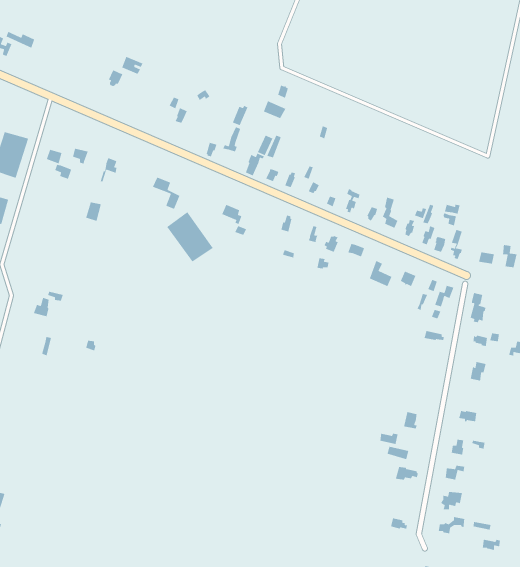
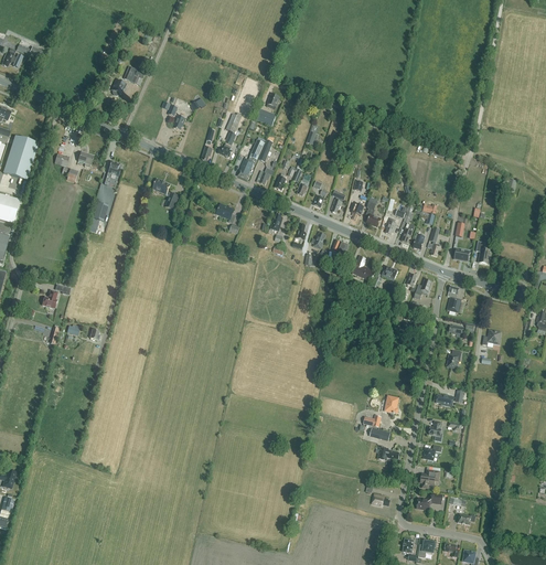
building: [166,211,214,263] -> none

